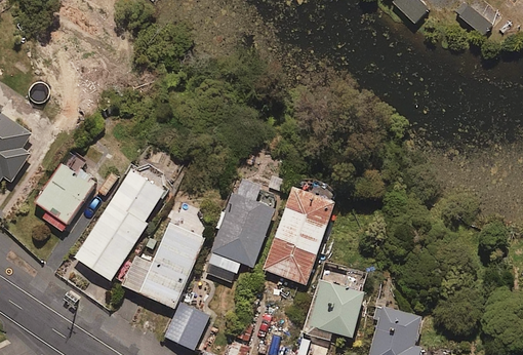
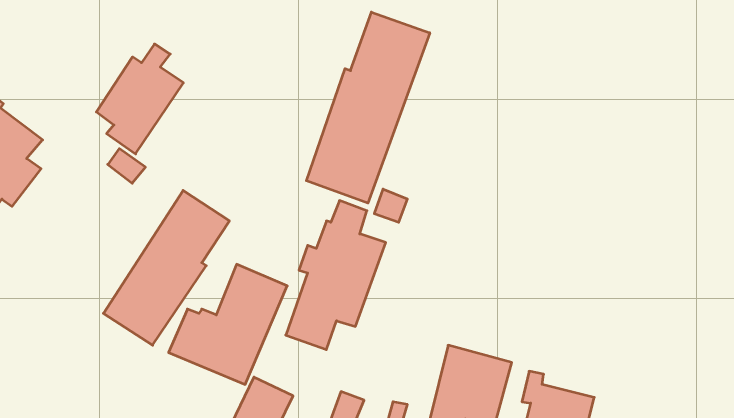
building: none -> [306,12,430,203]
building: [35,154,96,232] -> [96,44,183,154]
building: [264,176,337,284] -> none

